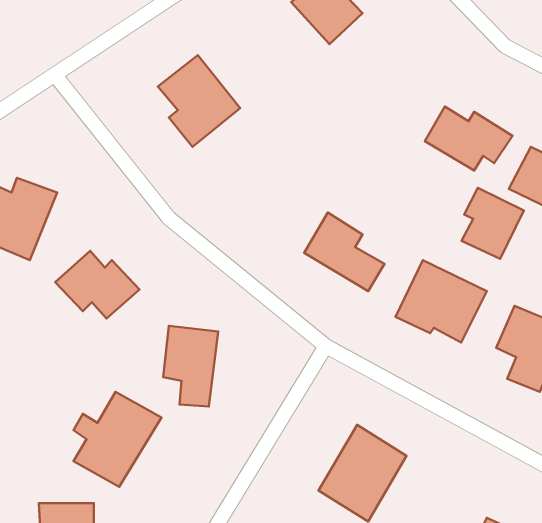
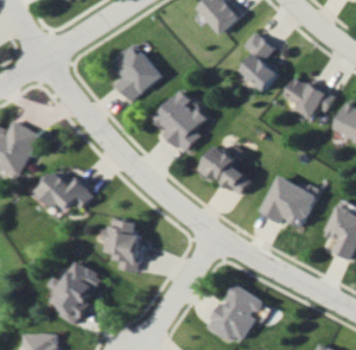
building: none -> [235,31,276,91]
building: none -> [148,90,210,152]
building: [462,188,524,259] -> none

